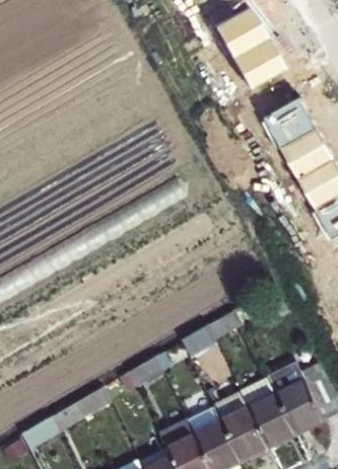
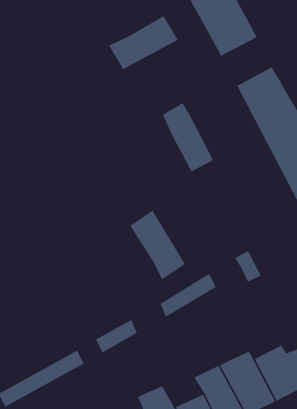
building: none -> [108,15,179,70]
building: none -> [162,102,214,172]
building: none -> [129,210,186,280]

